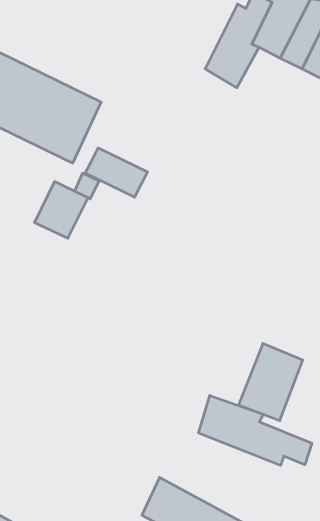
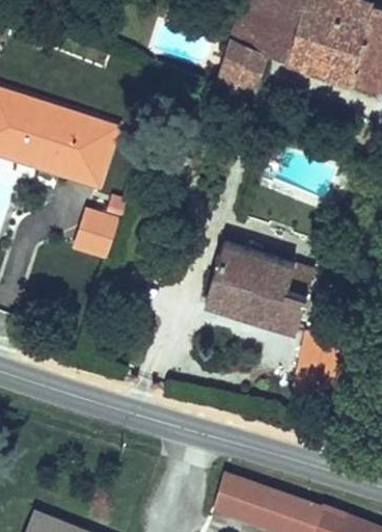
building: [85,148,148,197] -> none
building: none -> [203,241,311,327]
building: [199,395,312,465] -> none

